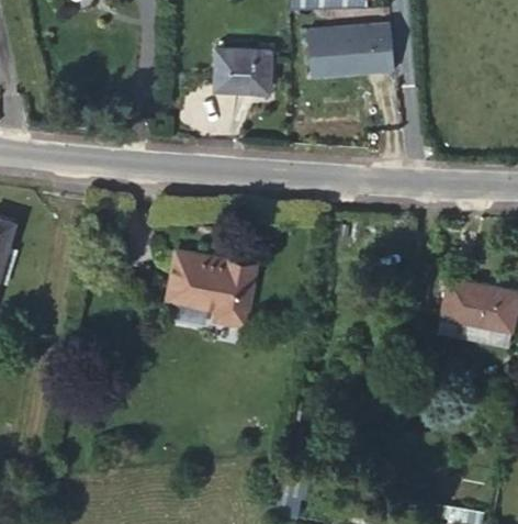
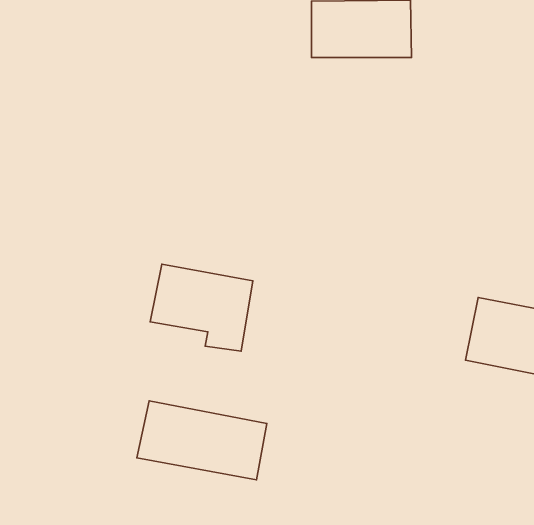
building: [215,51,272,93] -> none
building: none -> [137,401,267,480]

